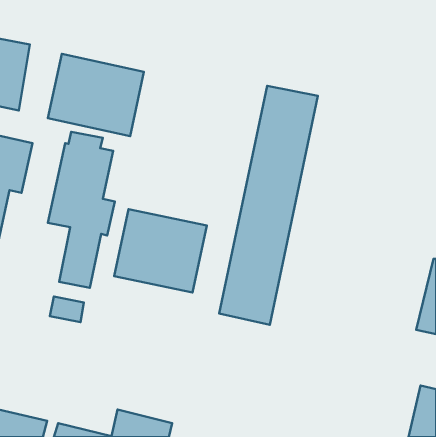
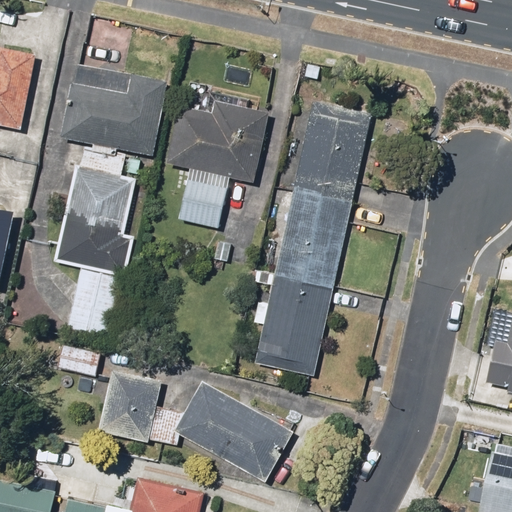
building: none -> [164,101,266,224]
building: [114,209,207,293] -> none
building: none -> [98,356,291,481]

